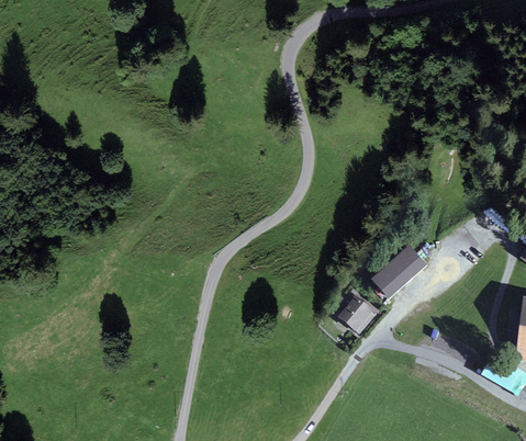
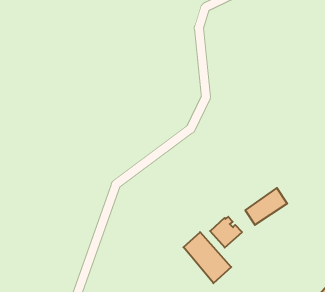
building: none -> [183,232,231,283]

